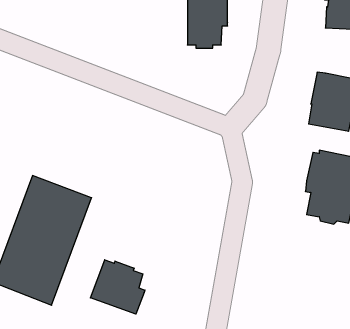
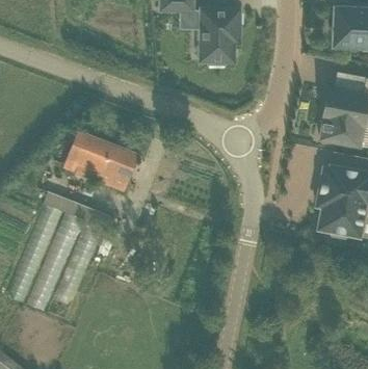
building: none -> [64,131,137,189]
building: [90,260,145,314] -> none

